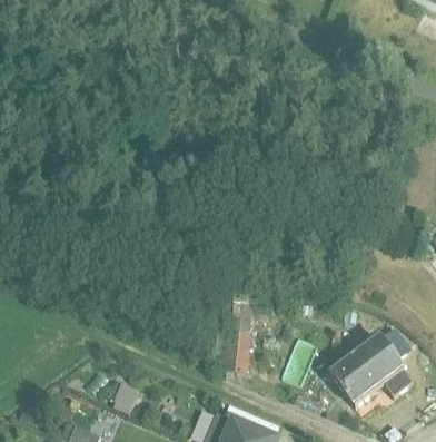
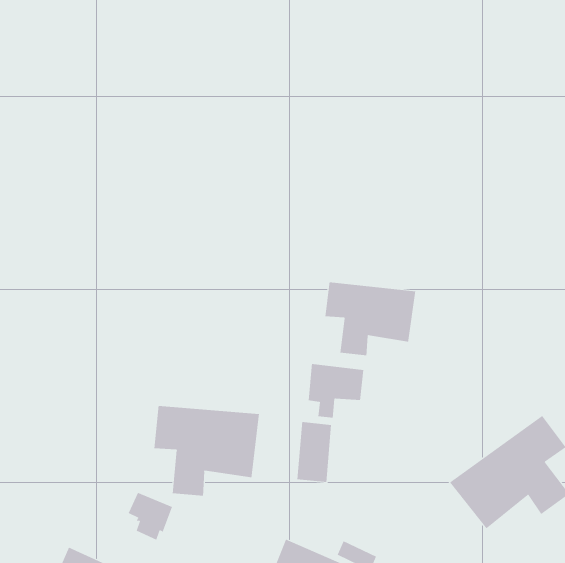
building: none -> [325,282,416,356]
building: none -> [154,405,260,496]

